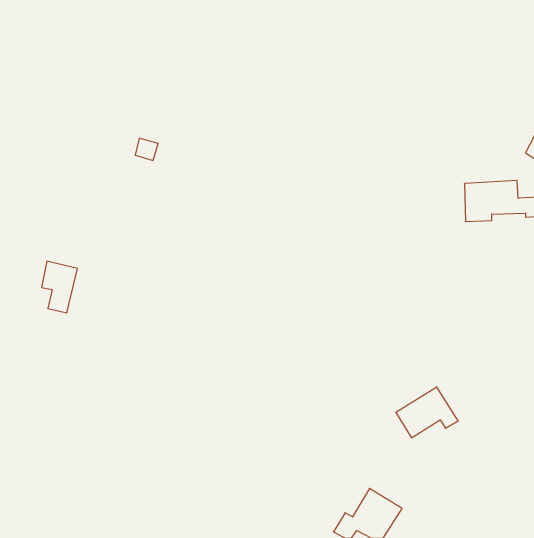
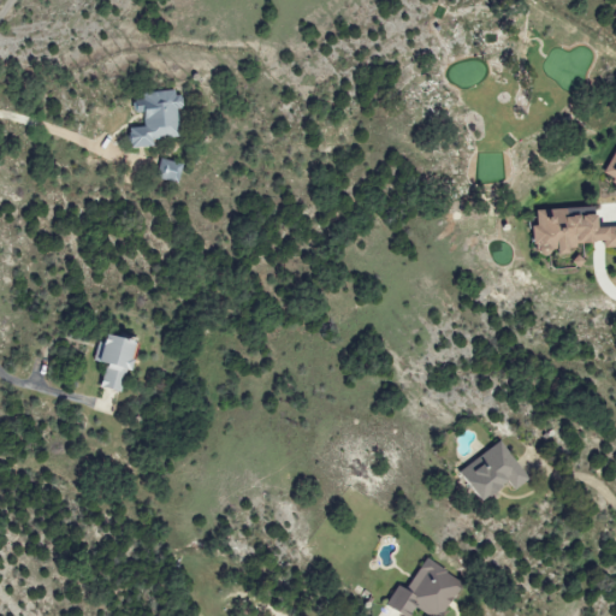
building: none -> [129,89,183,147]
building: [42,261,77,313] -> [96,333,137,392]

